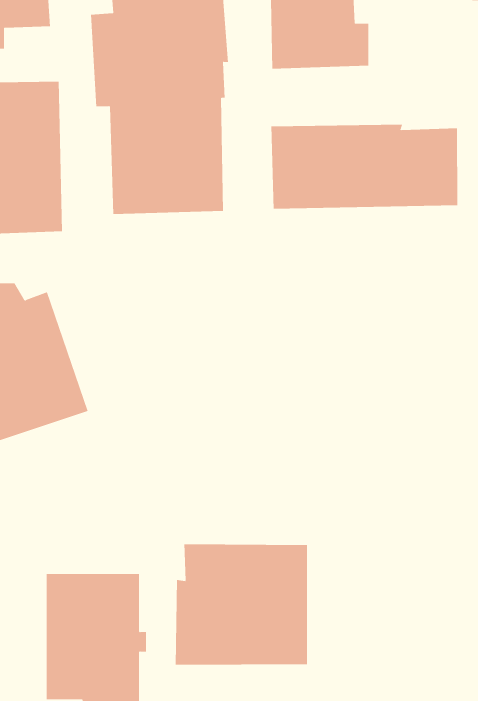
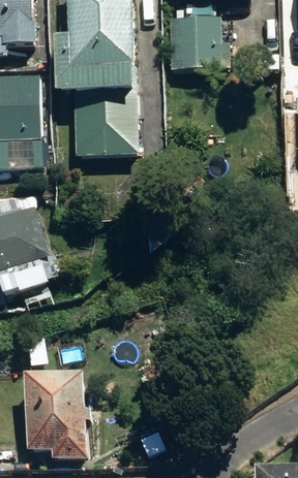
building: [271,124,458,210] -> none
building: [175,544,308,665] -> none

